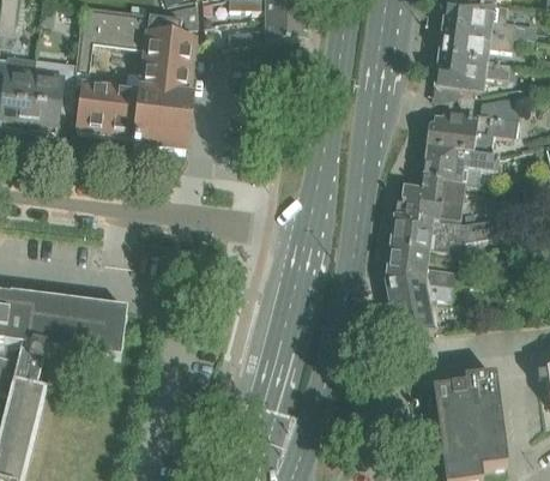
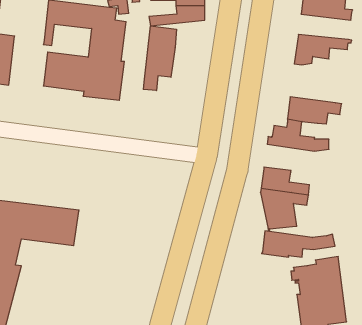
building: [439,26,513,60] -> none
building: none -> [143,26,176,91]
building: [28,58,78,131] -> none
building: [427,92,521,152] -> none
building: [389,211,494,248] -> [262,231,335,257]

